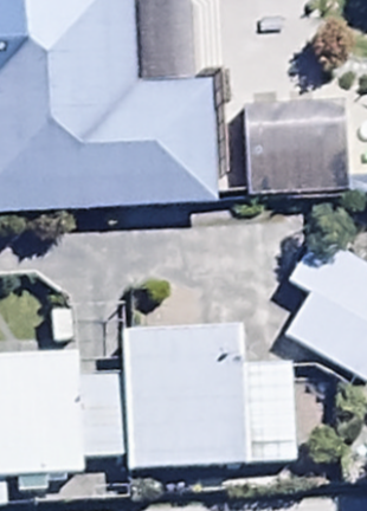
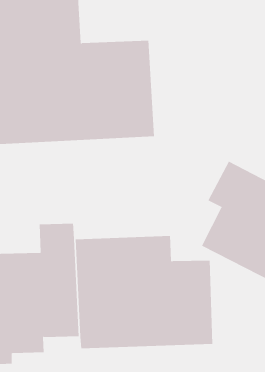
building: [245,115,348,194] -> none

